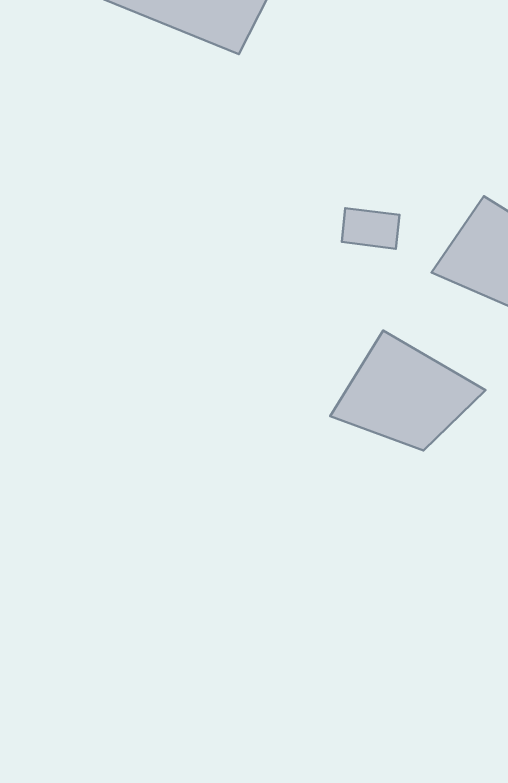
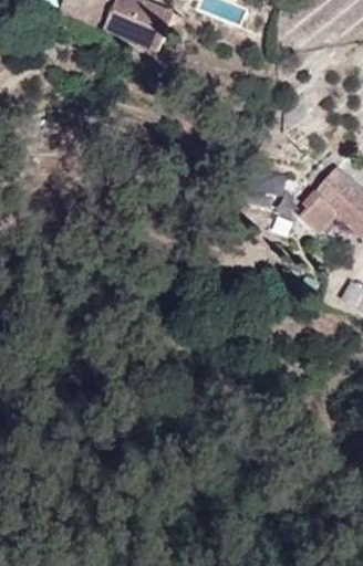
building: [330,331,486,451] -> none

